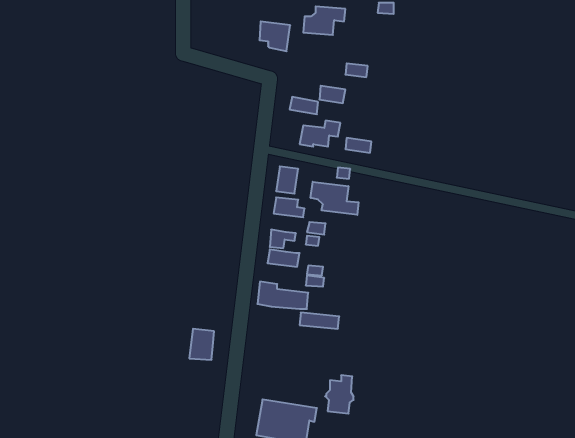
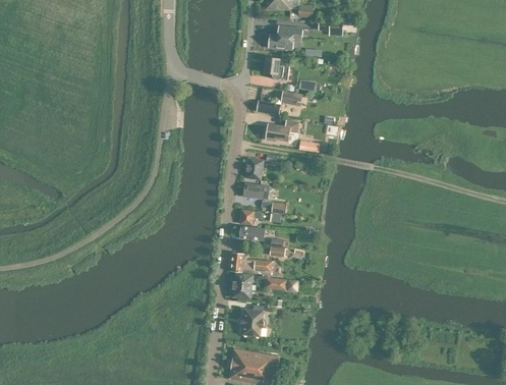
building: [259,21,290,51] -> [265,56,290,80]
building: [311,182,359,215] -> none
building: [189,329,214,360] -> [232,272,252,297]
building: [325,375,354,414] -> [240,305,264,336]

